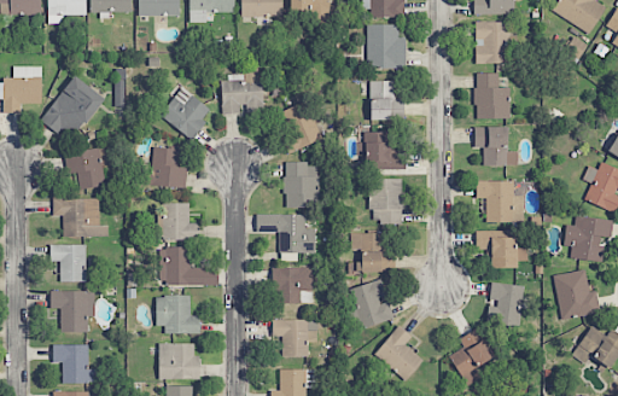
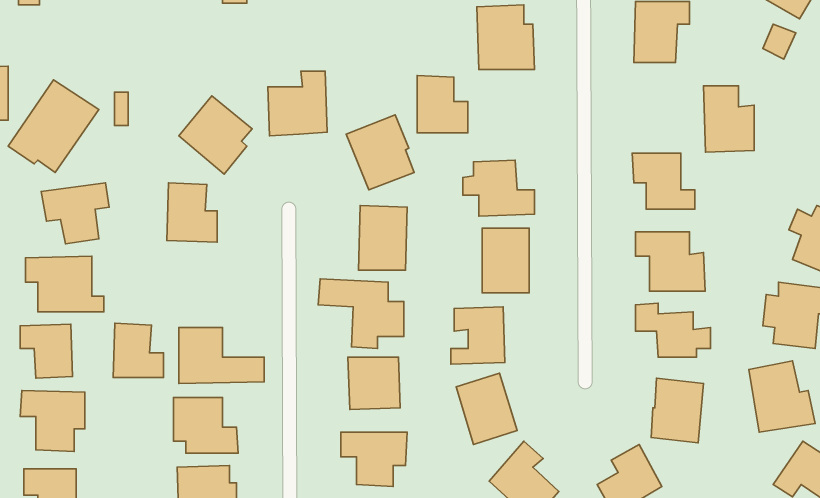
building: [474,72,509,118] -> [704,86,754,152]
building: [369,80,404,120] -> [417,75,468,133]
building: [163,202,198,239] -> [113,323,164,377]

